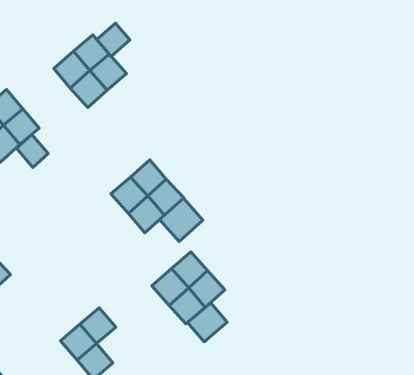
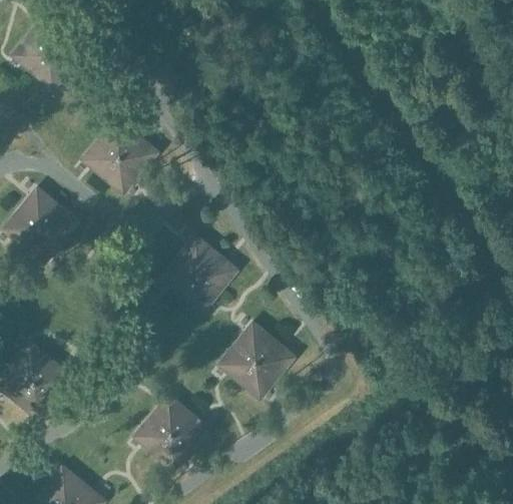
building: [97,23,130,56] -> none
building: [17,134,48,167] -> none
building: [160,198,203,241] -> none
building: [188,303,227,342] -> none
building: none -> [171,412,208,449]

